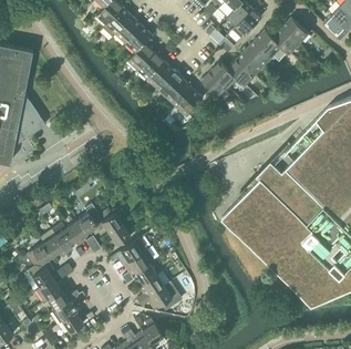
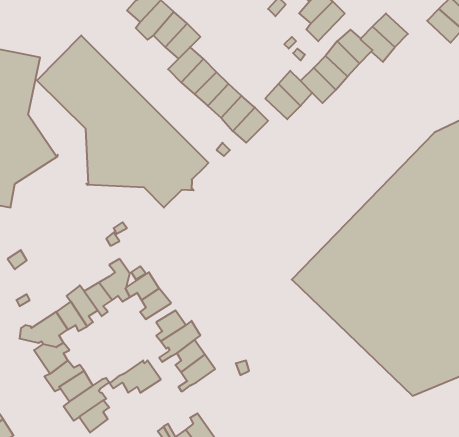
building: none -> [37,35,208,208]
building: [138,286,177,310] -> [109,360,161,393]

